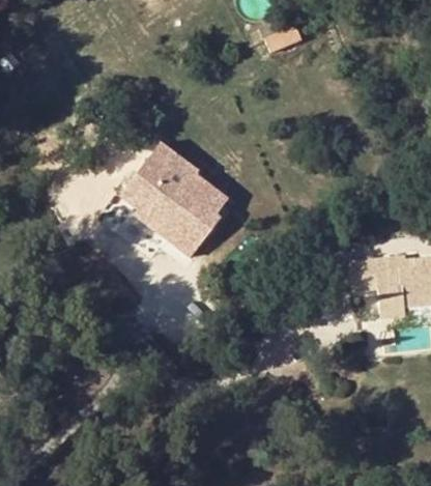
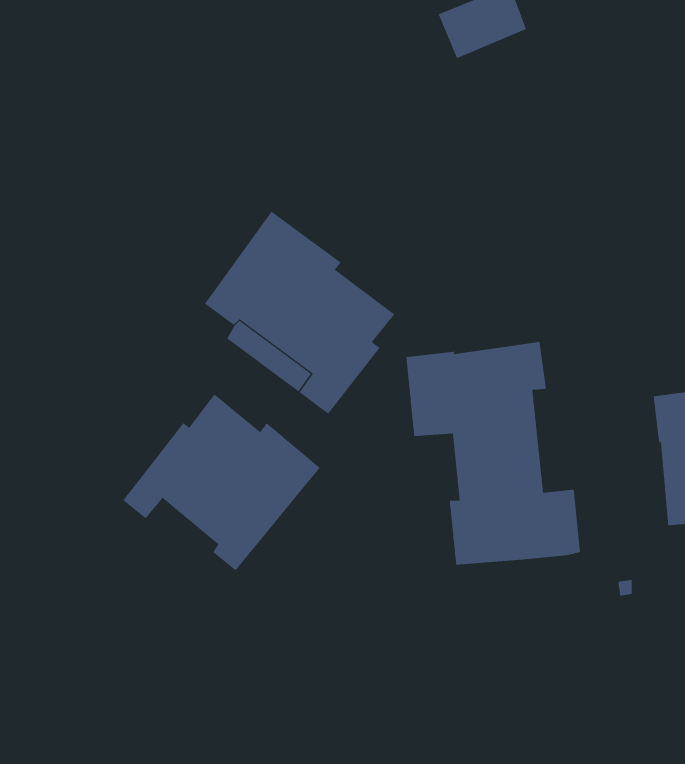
building: none -> [406,341,580,566]
building: none -> [122,394,320,571]

